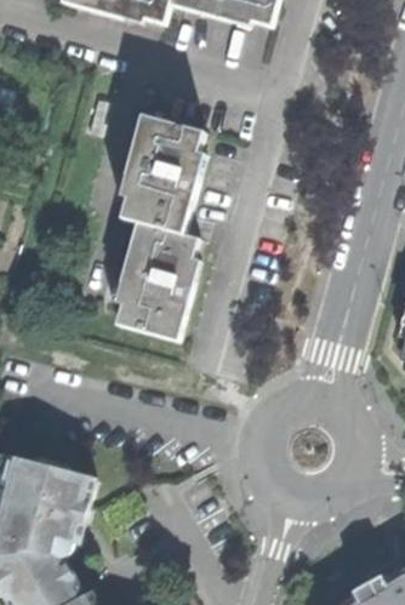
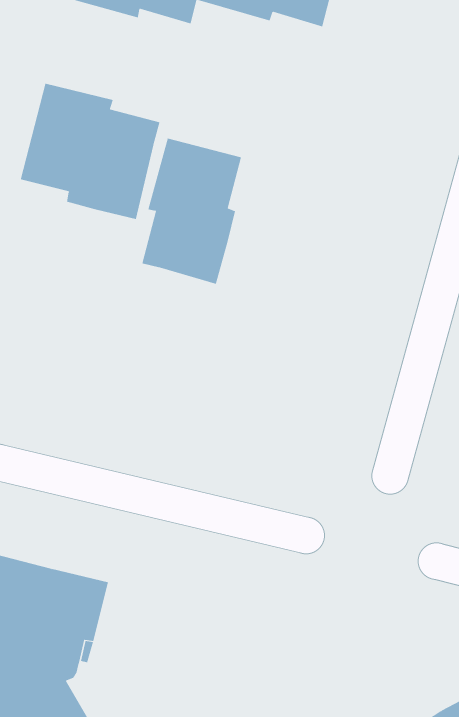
building: none -> [20,83,160,220]
building: [116,222,196,341] -> none

